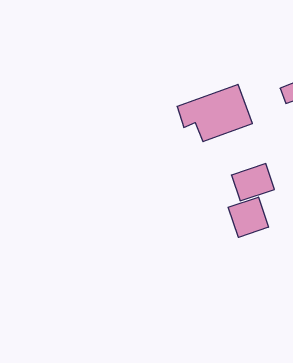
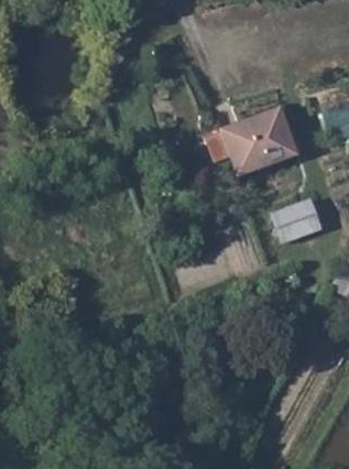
building: [228,197,268,237] -> none

